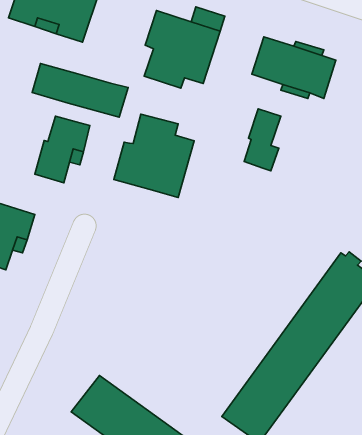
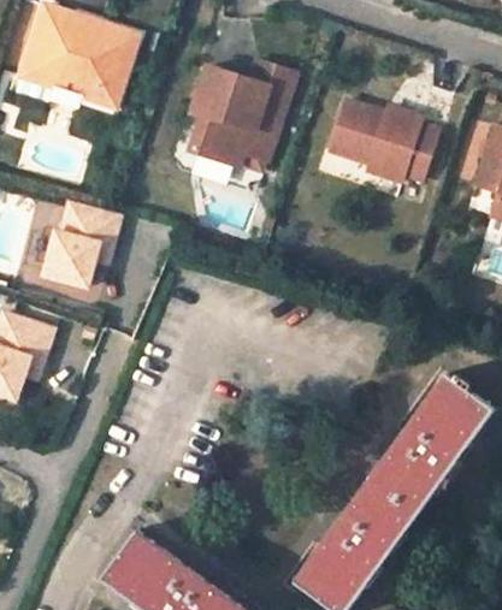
building: [32,63,128,117] -> none
building: [244,109,281,171] -> none
building: [114,114,194,197] -> none

